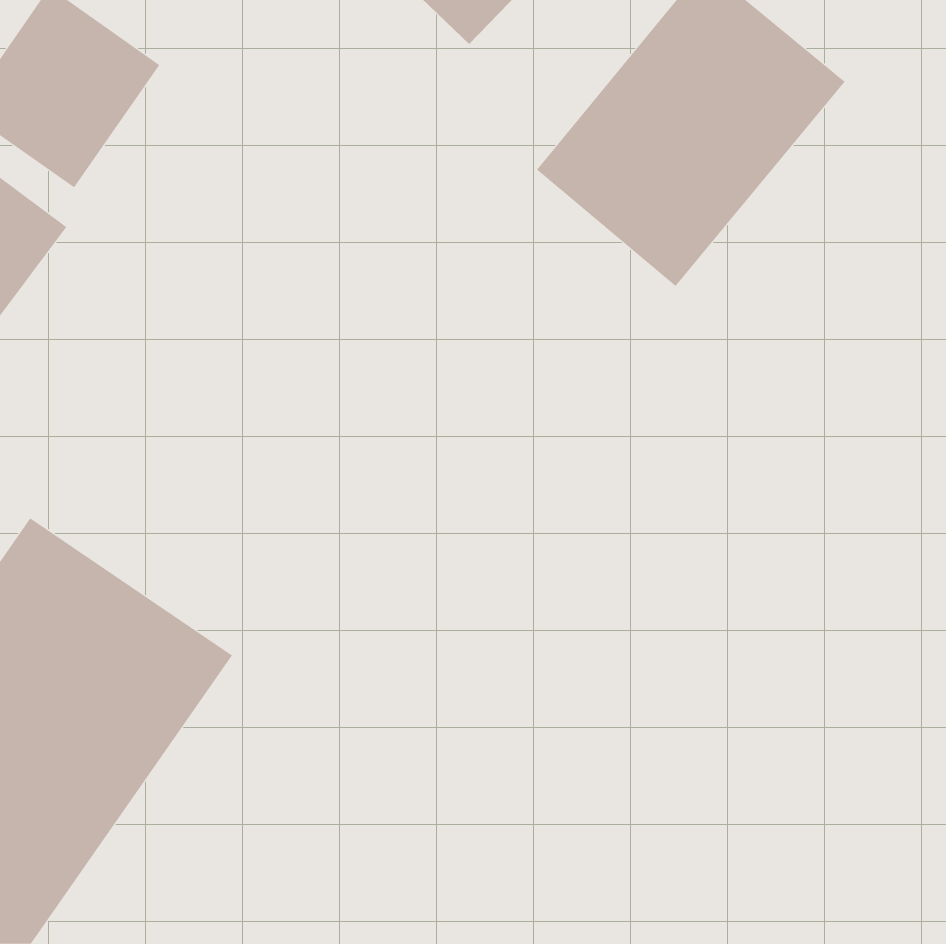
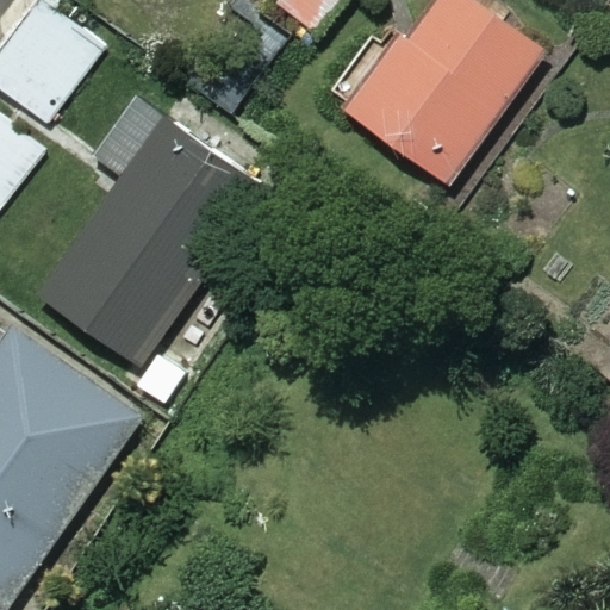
building: none -> [35,100,261,365]

